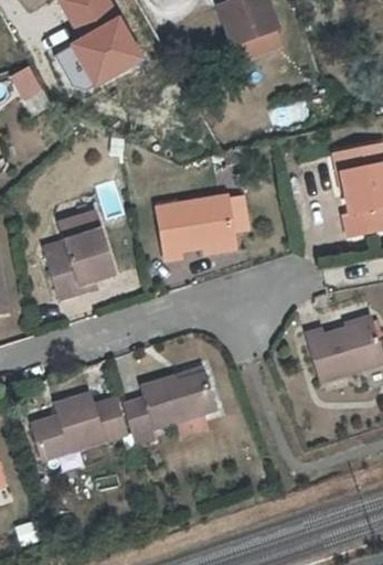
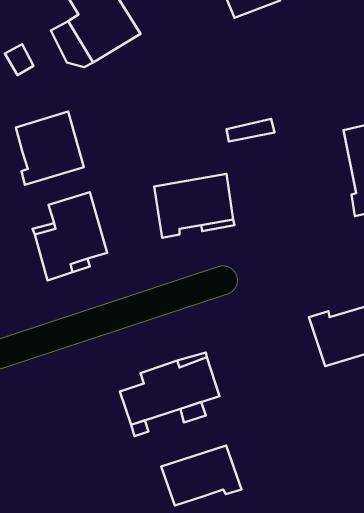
building: none -> [16,112,84,185]
building: [34,394,127,459] -> none
building: none -> [161,445,241,505]

